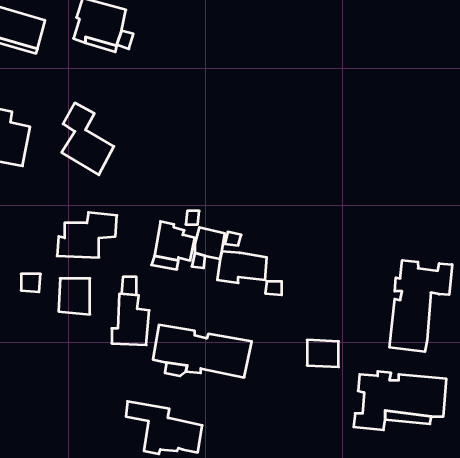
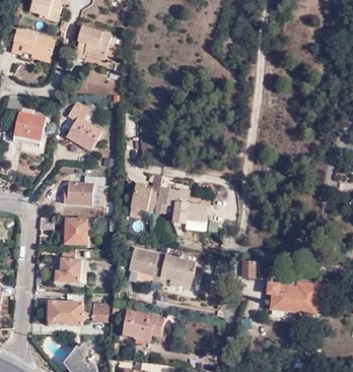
building: [390,260,452,352] -> none
building: [112,294,149,345] -> [57,247,82,282]
building: none -> [48,300,83,325]
building: none -> [90,301,112,320]

